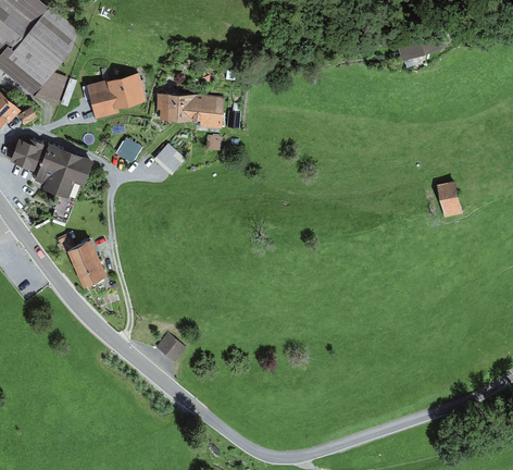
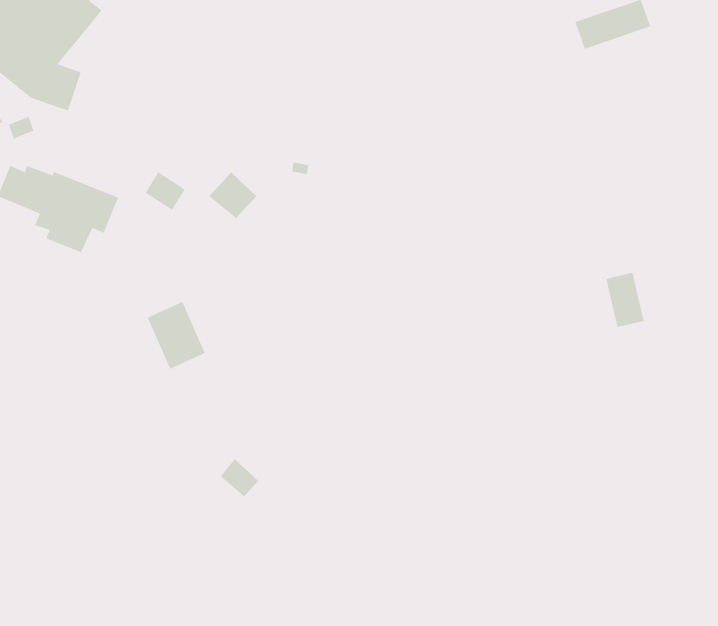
building: [88,73,145,111] -> none
building: [158,94,226,128] -> none
building: [437,181,463,218] -> [605,272,644,328]
building: [67,239,107,285] -> [147,301,206,370]

